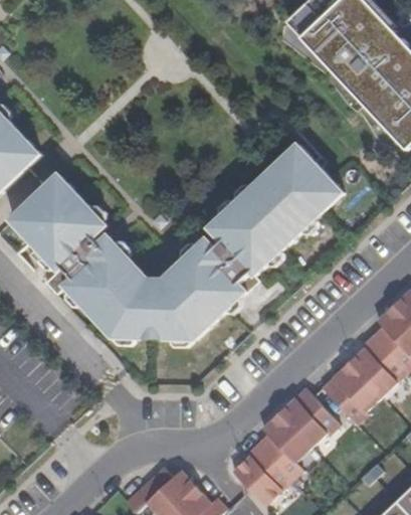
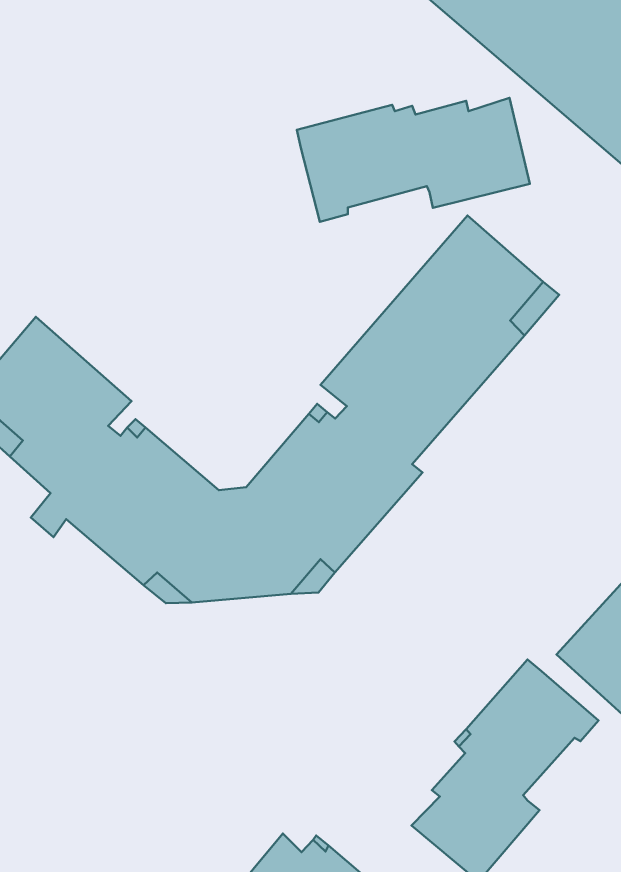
building: none -> [297,98,530,222]

